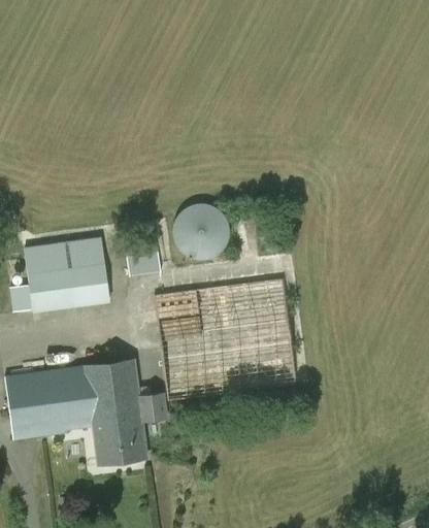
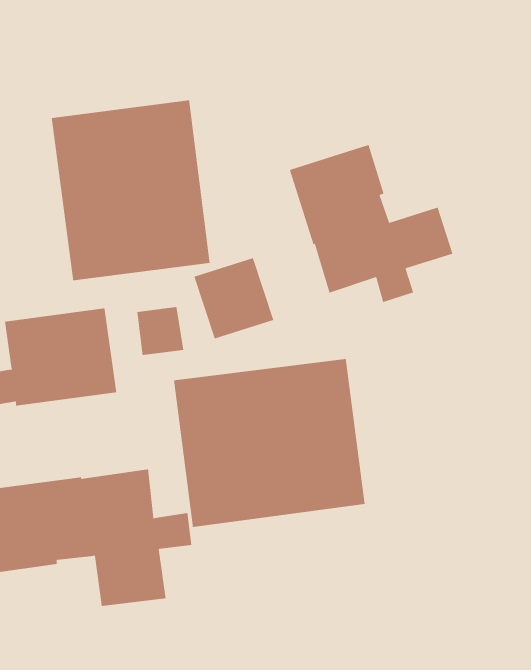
building: none -> [51,100,210,281]
building: none -> [289,144,453,303]

